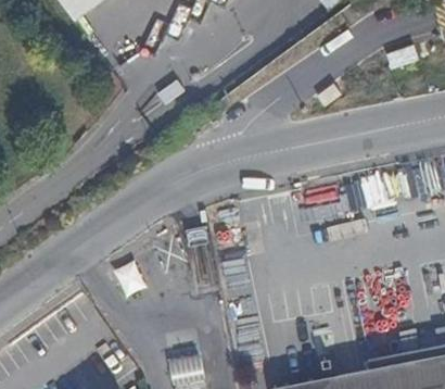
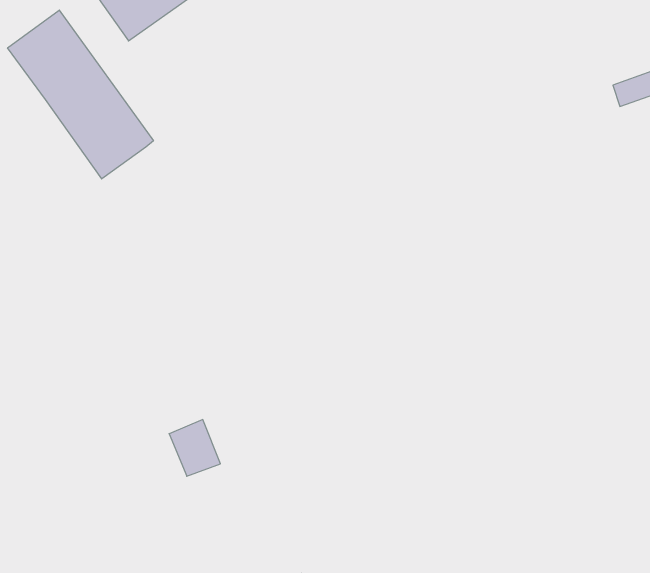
building: none -> [8,10,153,179]

